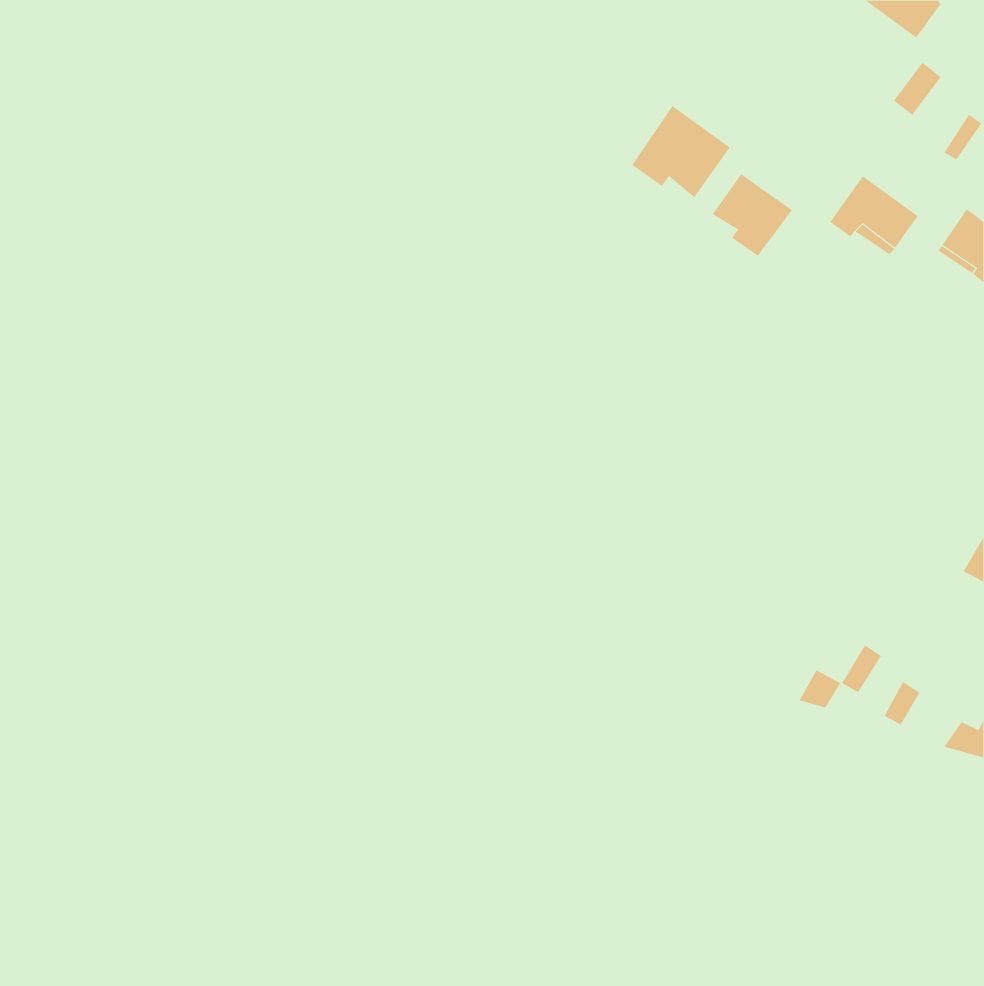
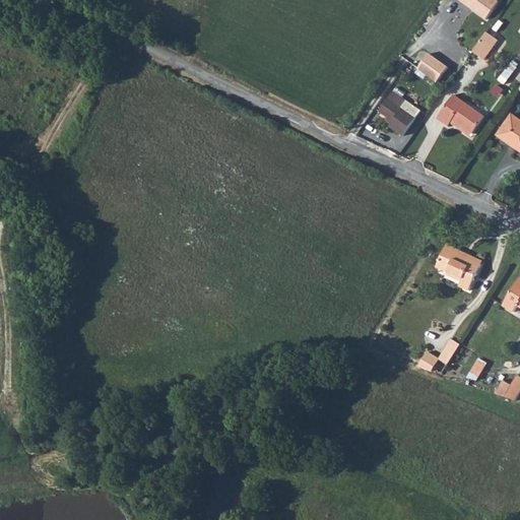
building: none -> [415,53,445,82]
building: [632,105,731,198] -> none
building: none -> [443,247,488,291]

